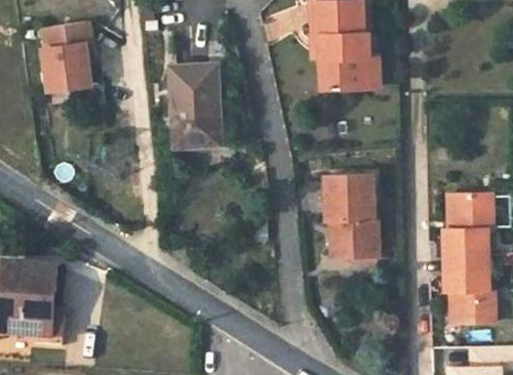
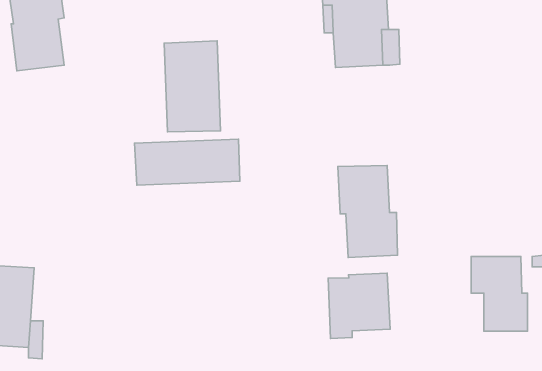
building: none -> [134,139,240,185]
building: [443,195,492,257] -> none
building: none -> [328,273,390,338]

